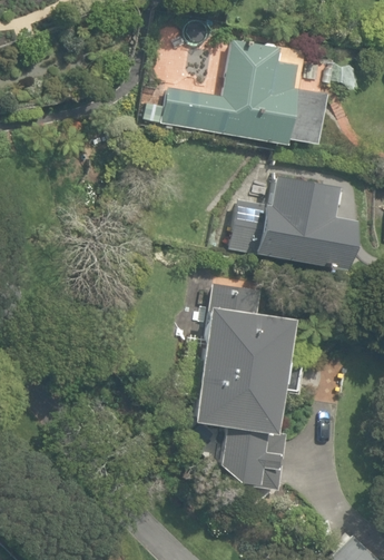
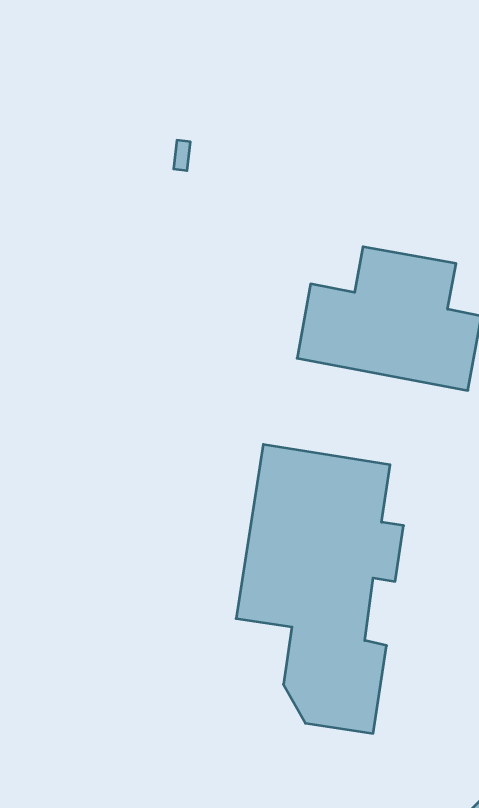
building: [164,40,326,145] -> none

